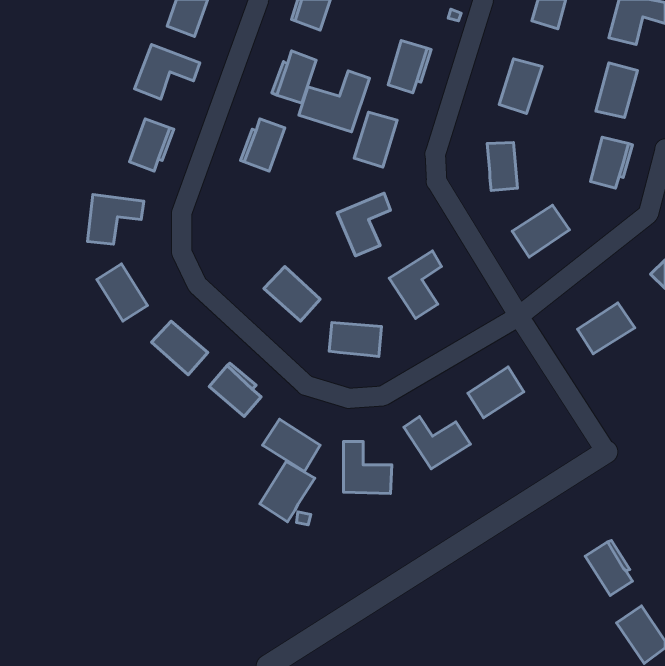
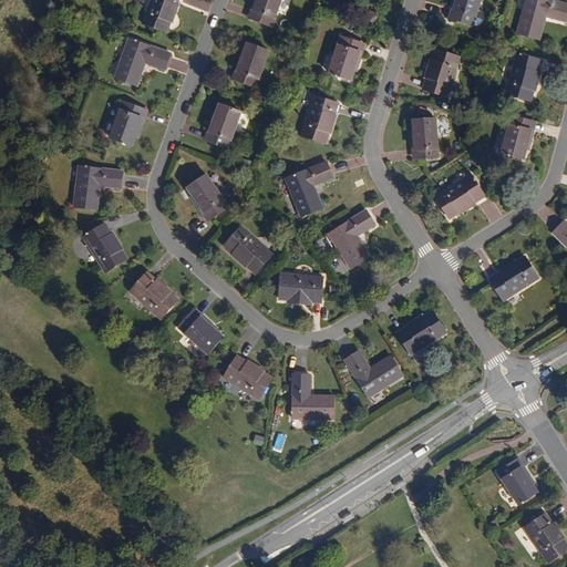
building: [299,71,369,132] -> none
building: none -> [186,174,227,219]
building: [260,462,315,522] -> none

